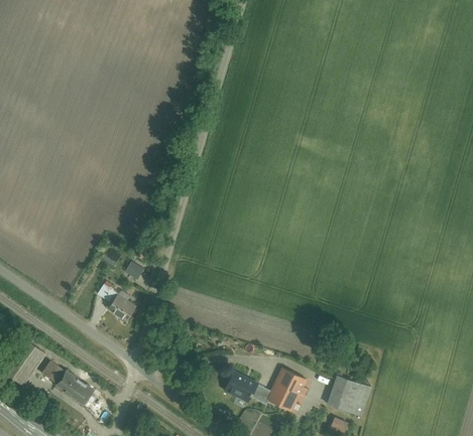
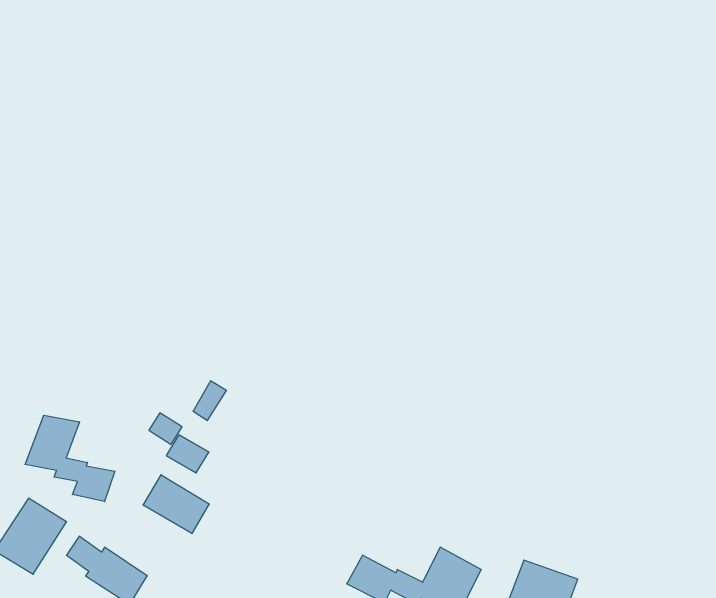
building: none -> [25,415,115,502]
building: none -> [143,475,209,534]

